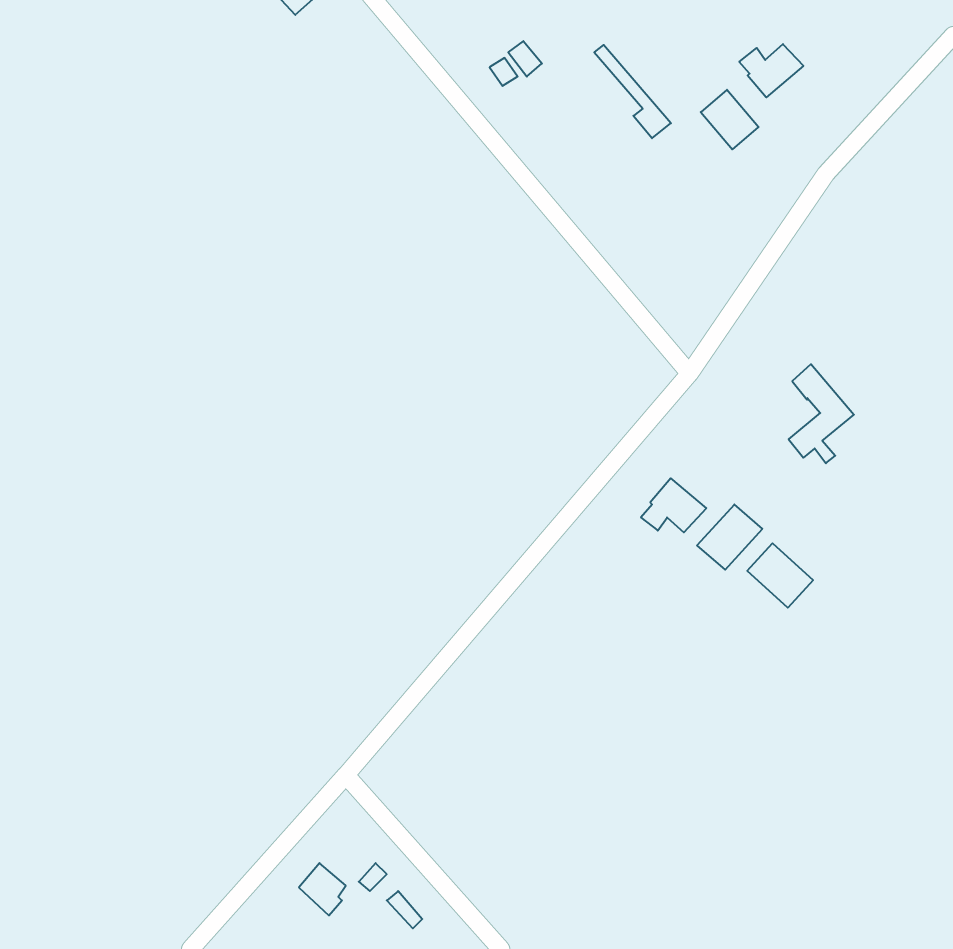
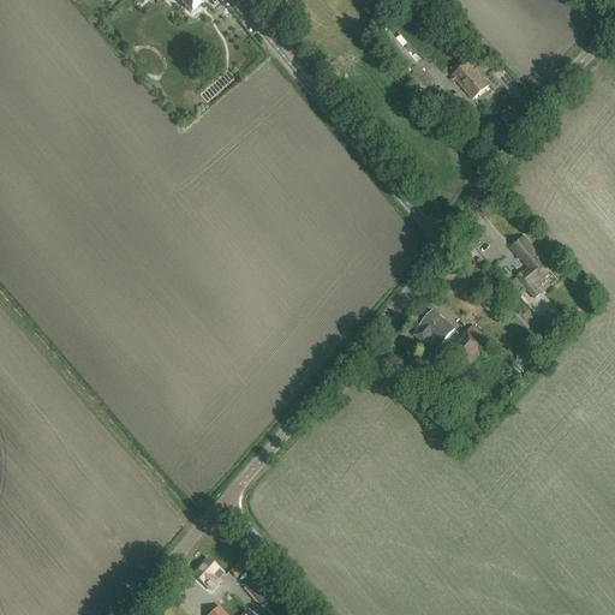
building: [739,44,803,97] -> none
building: [747,543,813,608] -> none

